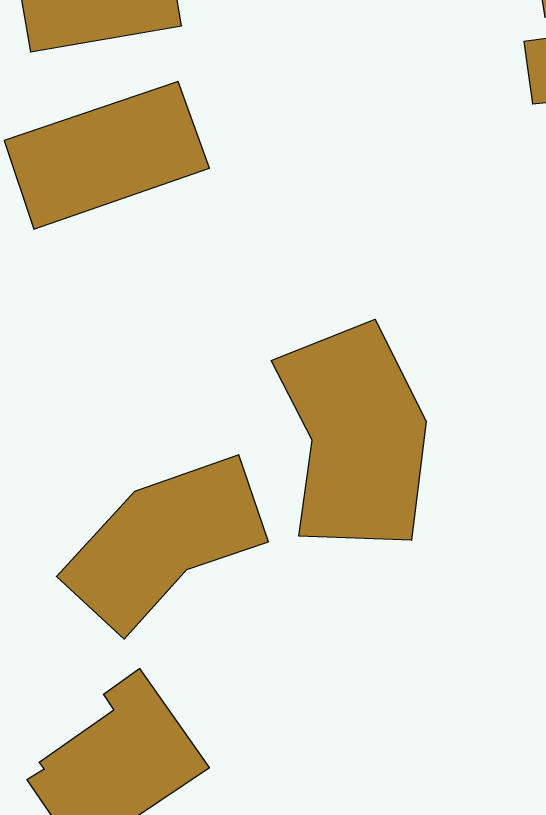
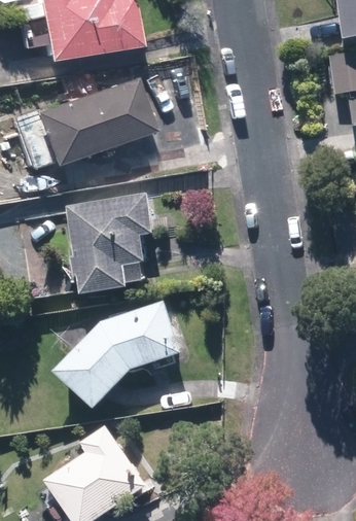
building: none -> [68,195,152,294]
building: [271,319,426,540] -> none

